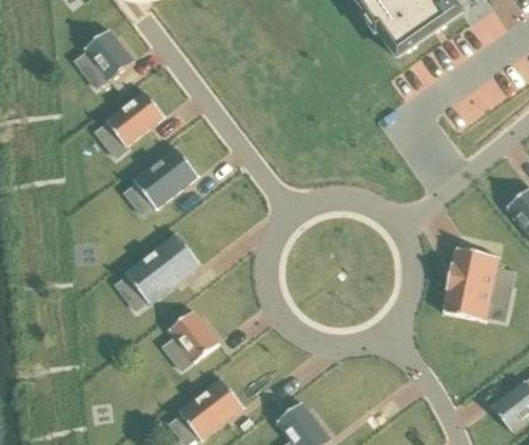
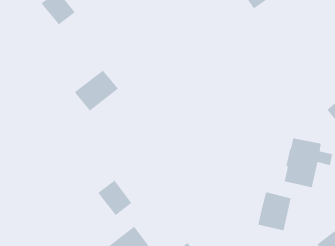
building: [104,91,164,158] -> none
building: [124,233,200,304] -> none
building: none -> [258,191,291,231]

